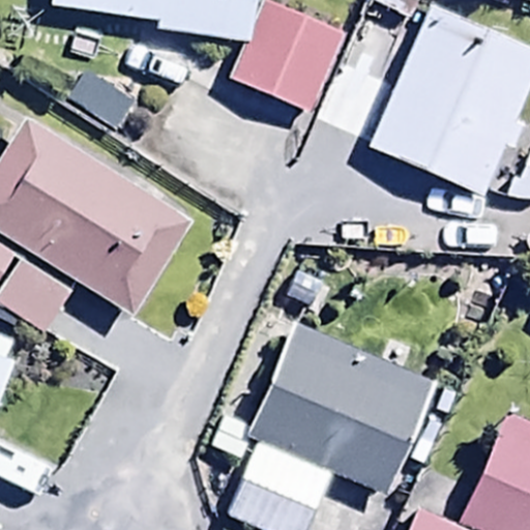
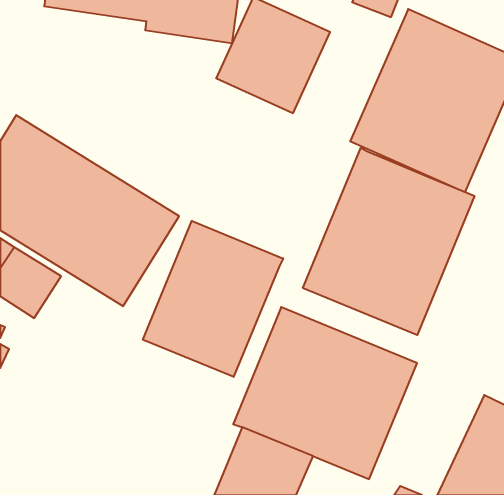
building: none -> [303,148,474,335]
building: none -> [143,221,283,377]

